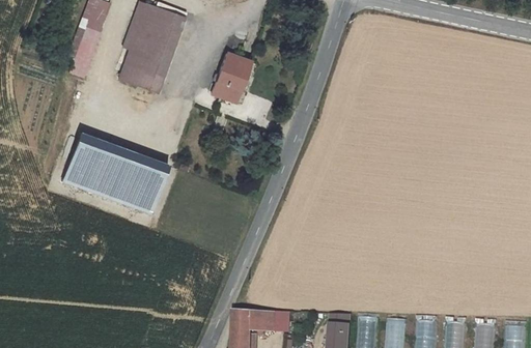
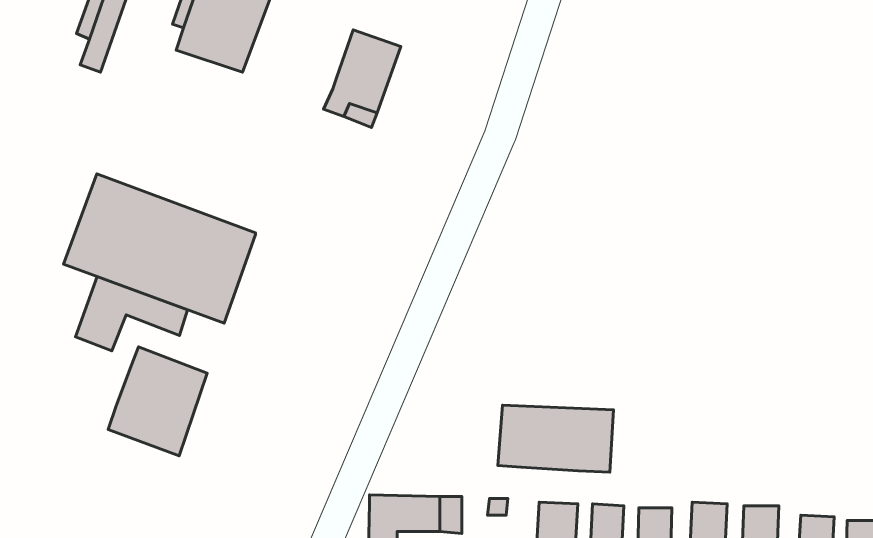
building: [119,63,162,91] -> none
building: none -> [75,276,188,351]
building: none -> [108,347,207,456]
building: none -> [498,405,614,472]

